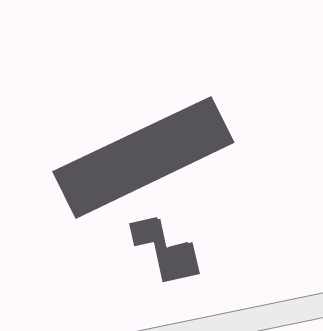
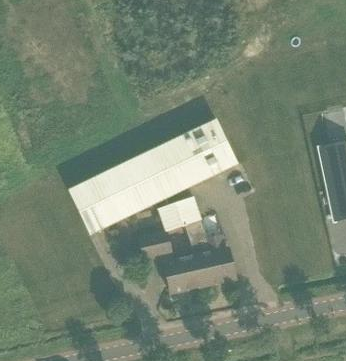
building: none -> [159,196,236,284]

